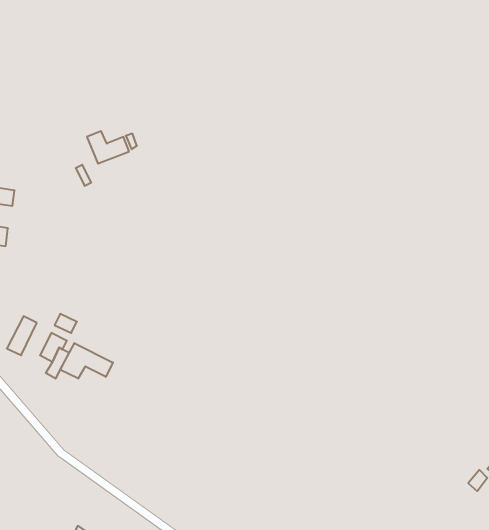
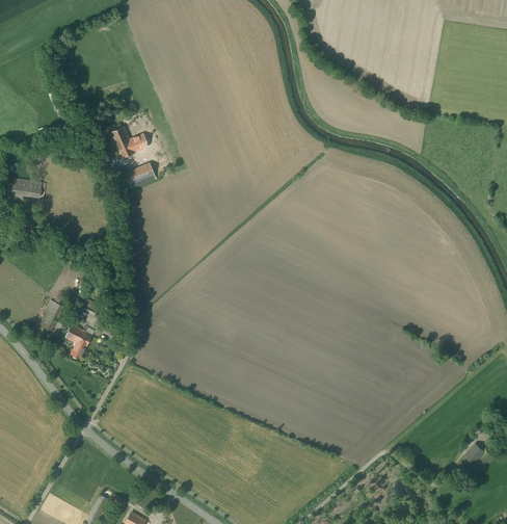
building: none -> [125,163,156,189]
building: [60,343,113,379] -> none

